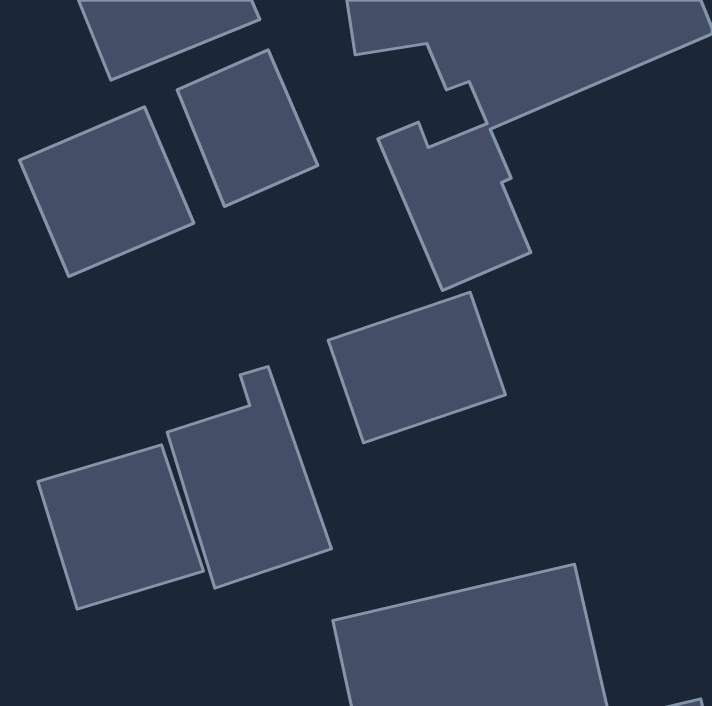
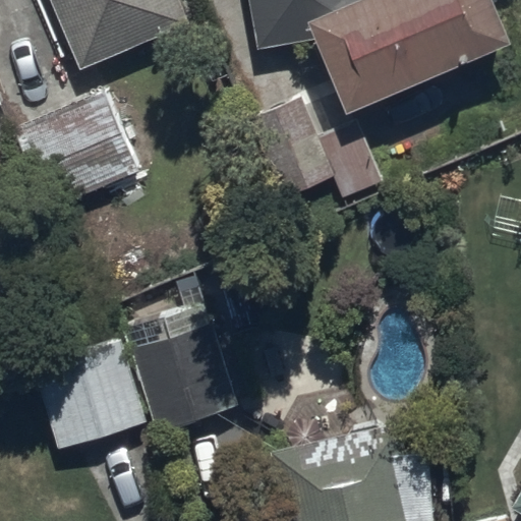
building: [177,50,318,206] -> none
building: [328,292,506,443] -> none

